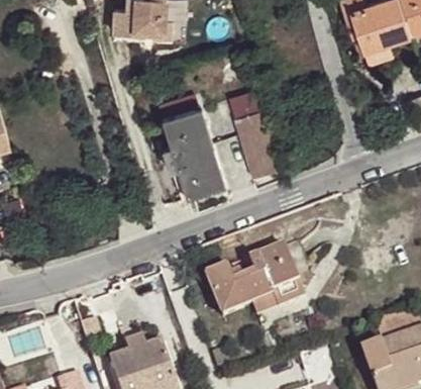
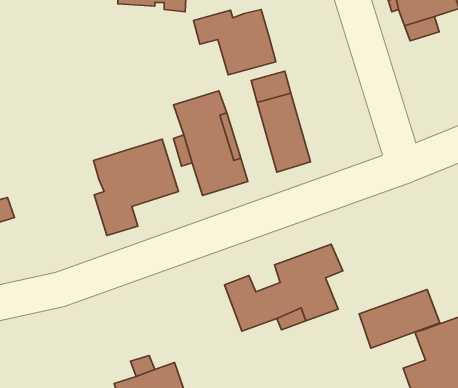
building: none -> [194,9,276,75]
building: none -> [94,139,178,235]
building: none -> [359,289,440,348]

